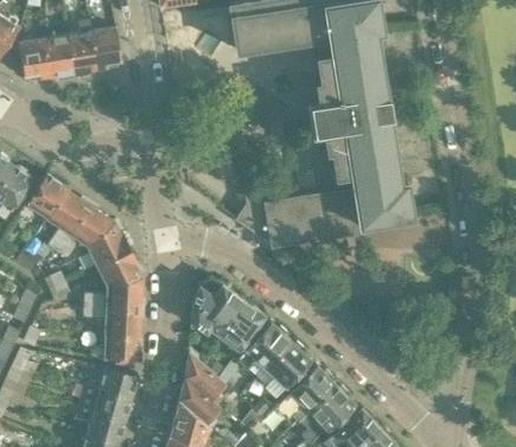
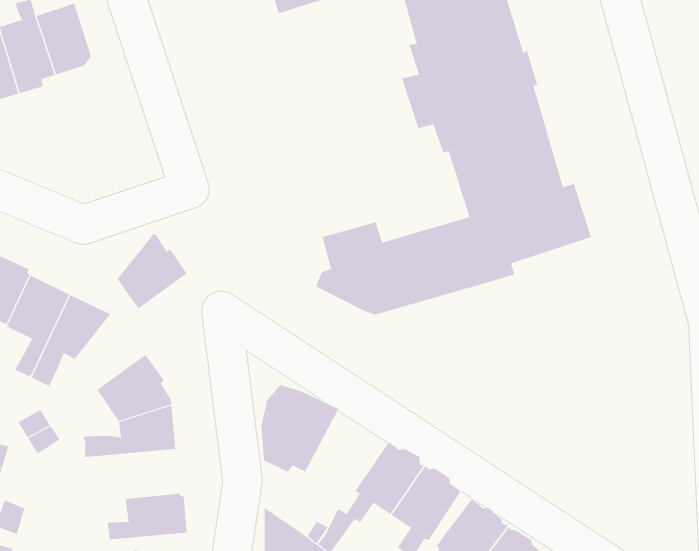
building: [85,221,129,266] -> [116,233,187,309]
building: [217,299,265,350] -> none
building: [83,306,140,336] -> none

